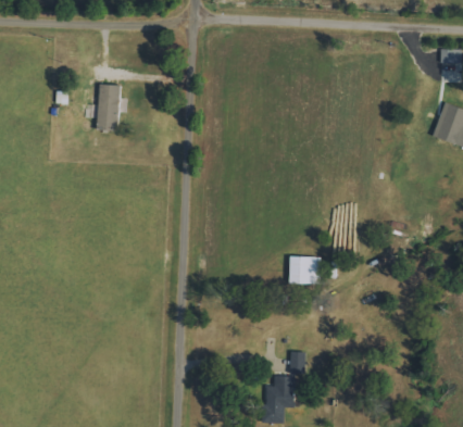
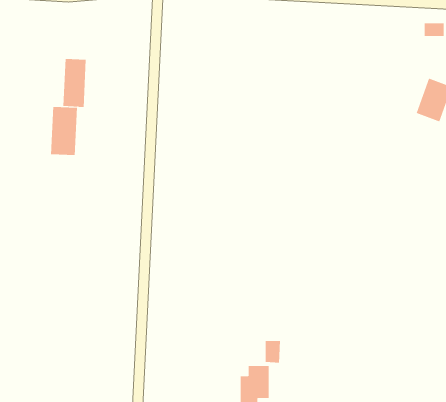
building: none -> [51,106,78,156]
building: [288,256,320,284] -> none

